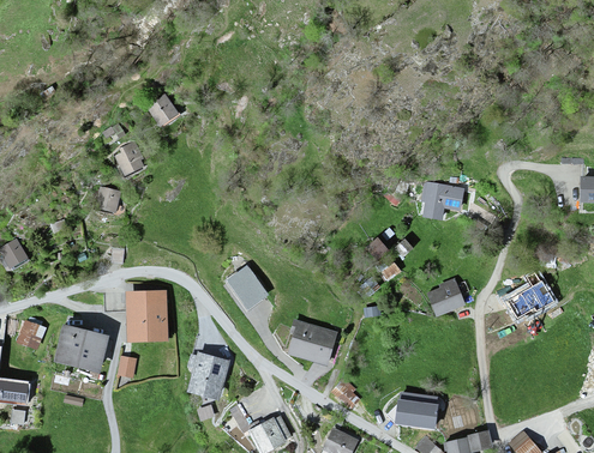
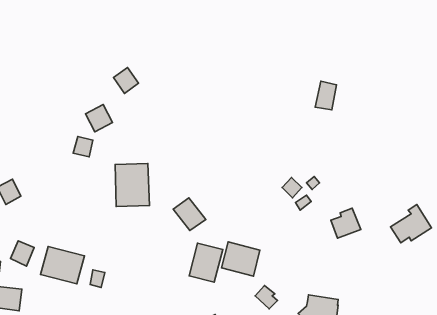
building: [420,183,448,221] -> [315,81,337,110]
building: [124,290,168,345] -> [115,164,150,207]
building: [186,351,229,401] -> [189,243,223,282]

